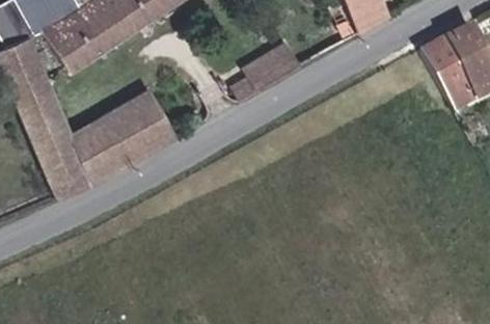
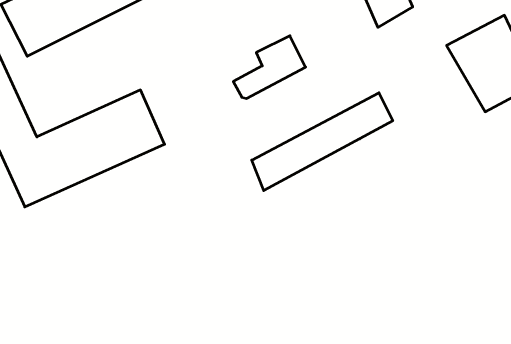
building: none -> [252,93,393,191]

